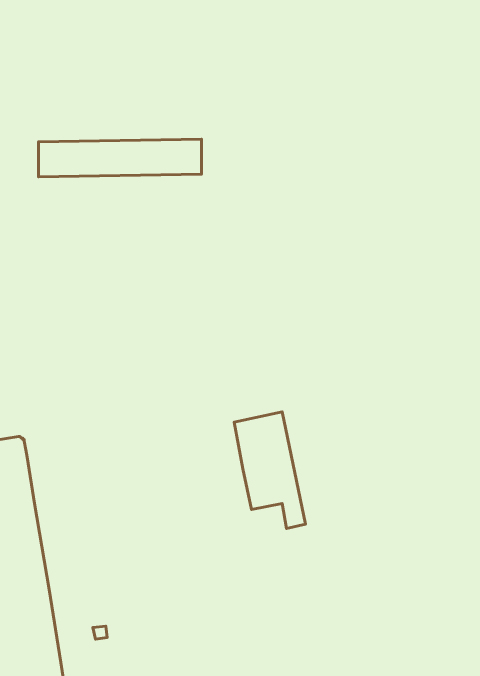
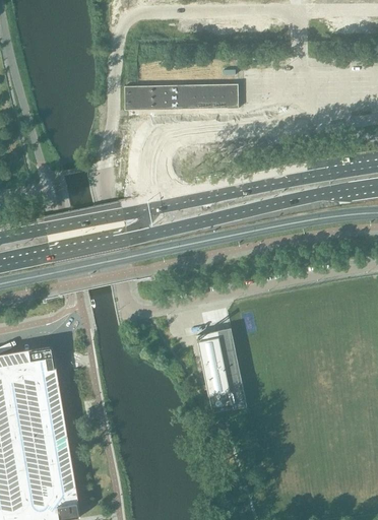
building: [38,139,202,177] -> [125,84,239,111]

